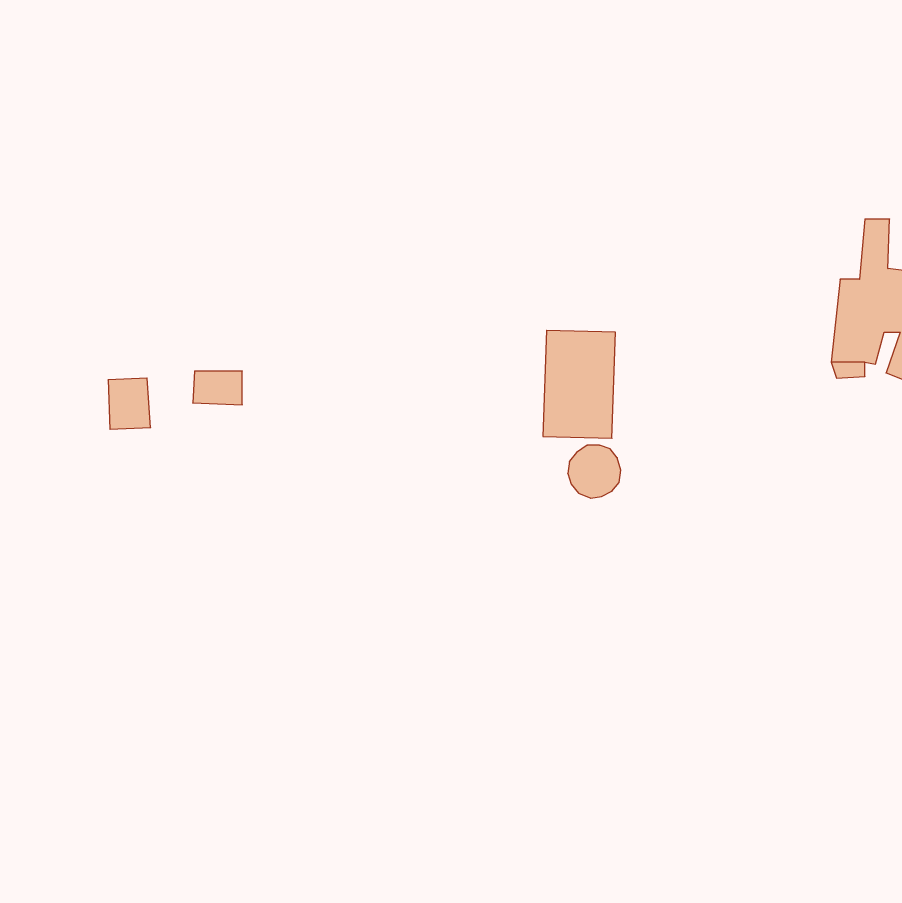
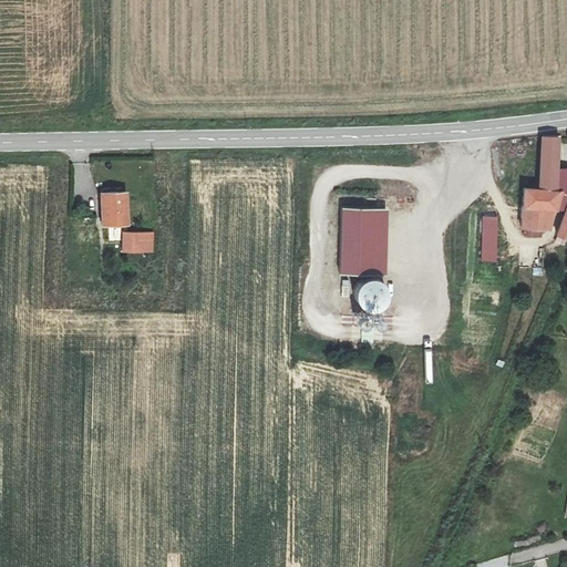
building: none -> [483,218,498,261]
building: [108,378,151,429] -> [101,193,127,225]

